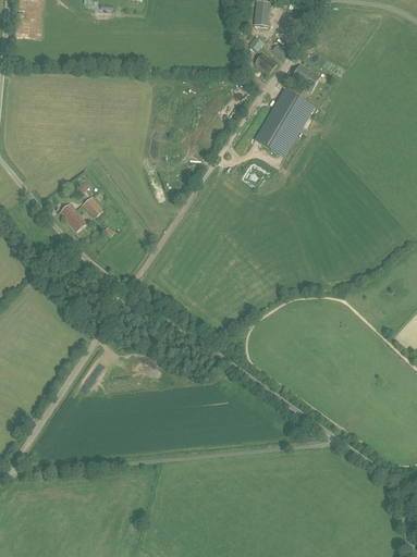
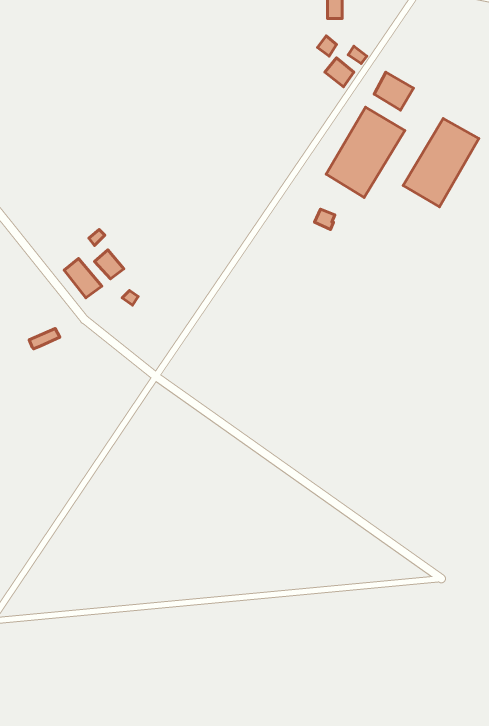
building: none -> [403,118,479,207]

